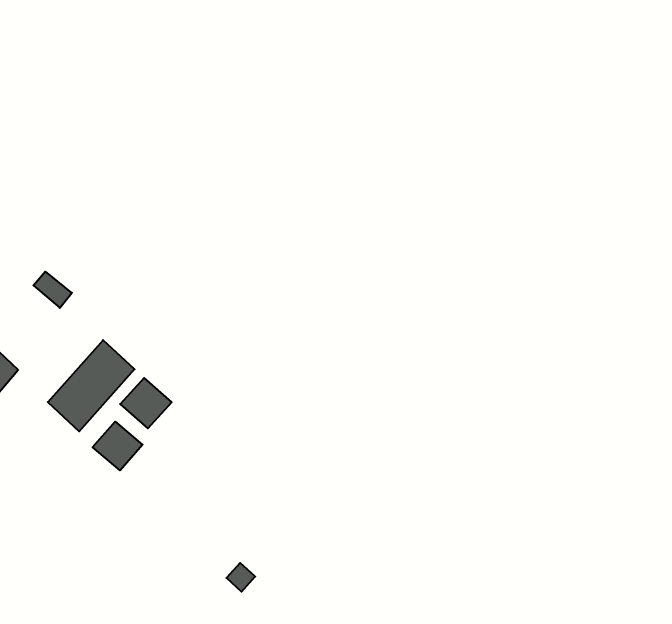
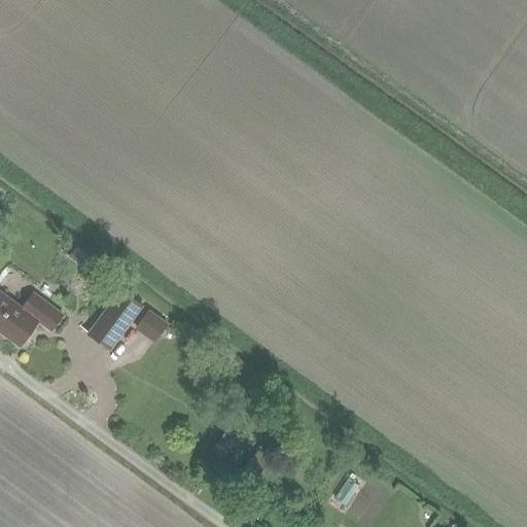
building: [93,422,143,470] -> none

